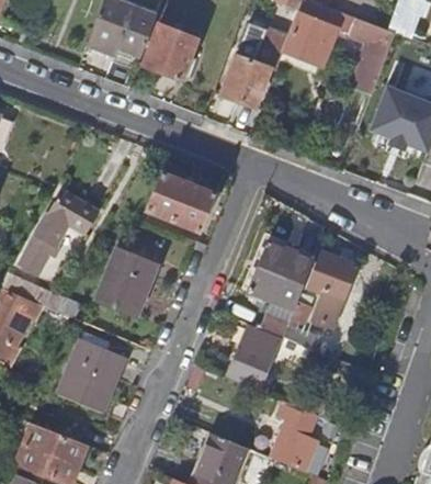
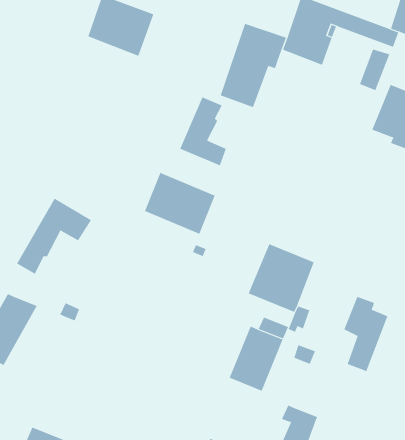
building: [141,25,195,80] -> none
building: none -> [179,97,227,166]
building: [98,247,160,316] -> none
building: [308,254,352,328] -> [344,296,388,372]
building: [58,340,124,413] -> none

